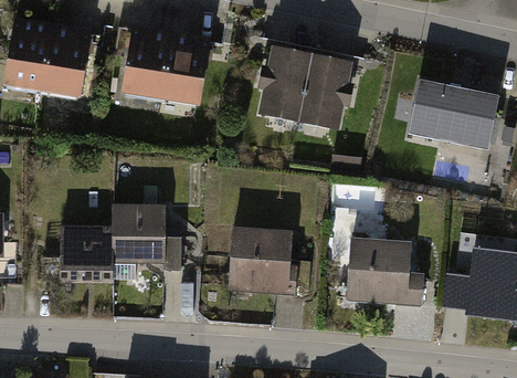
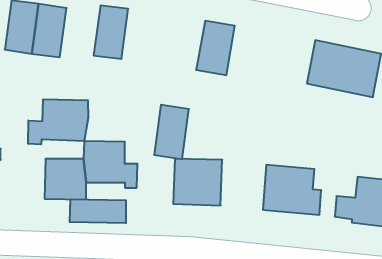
building: [161,33,207,104] -> [154,105,189,159]
building: [298,55,348,126] -> none
building: none -> [28,99,88,144]
building: none -> [70,199,126,223]

